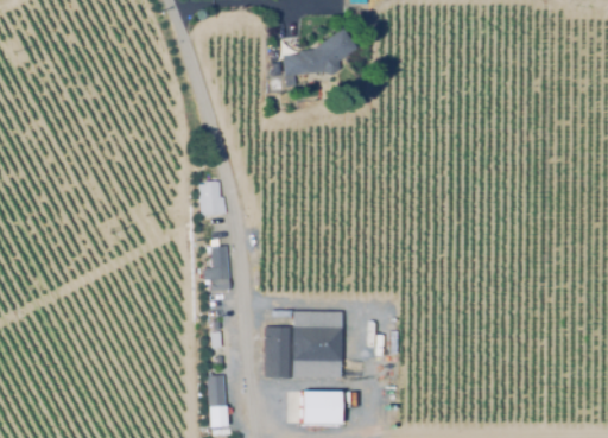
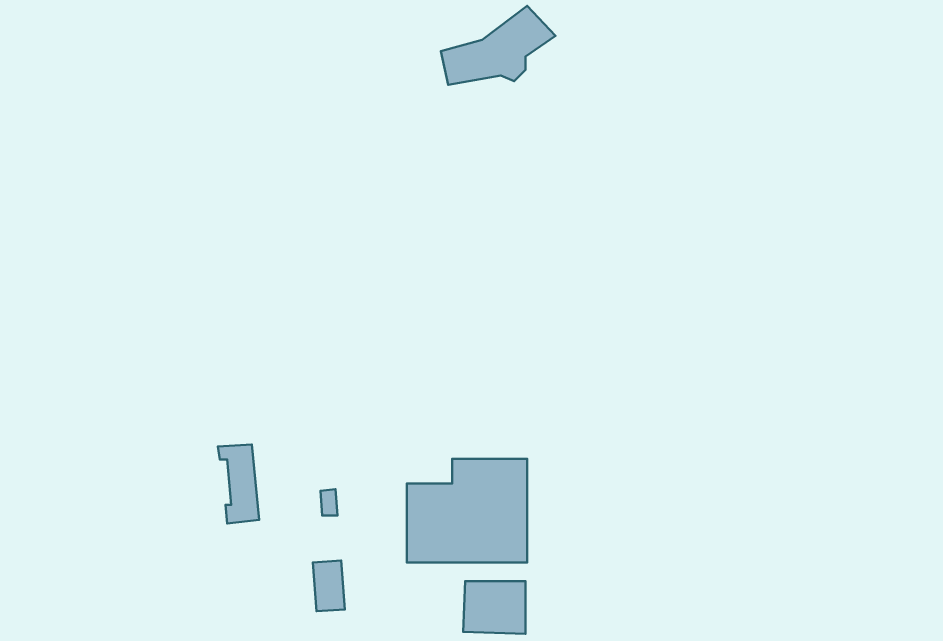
building: [201,183,227,216] -> none
building: [205,243,232,293] -> [218,445,259,524]

